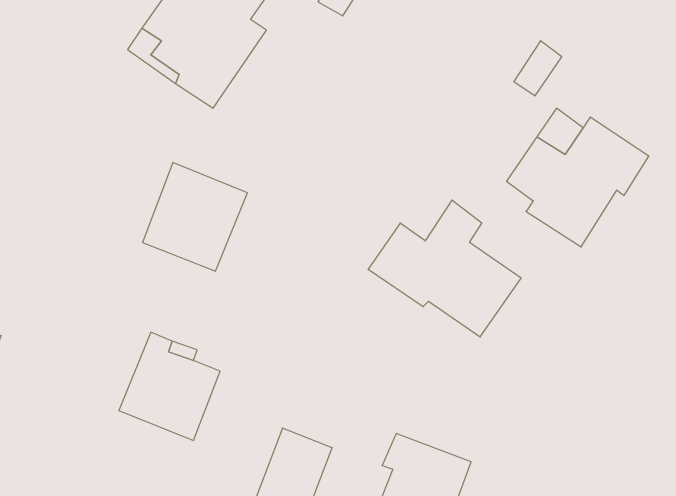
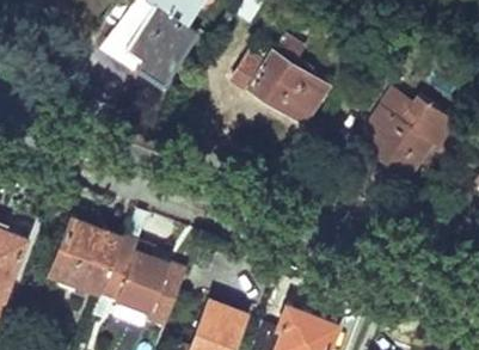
building: [143,163,247,271] -> [50,217,121,290]
building: [368,200,521,337] -> [228,35,331,127]

